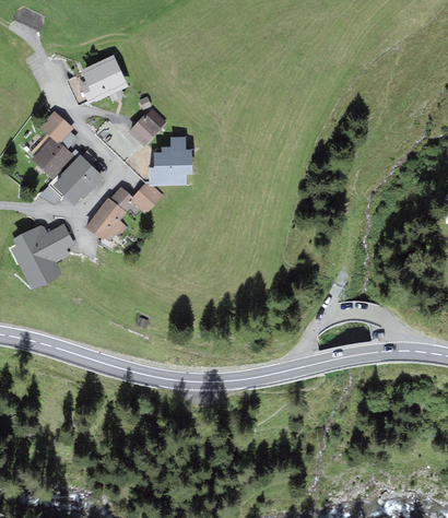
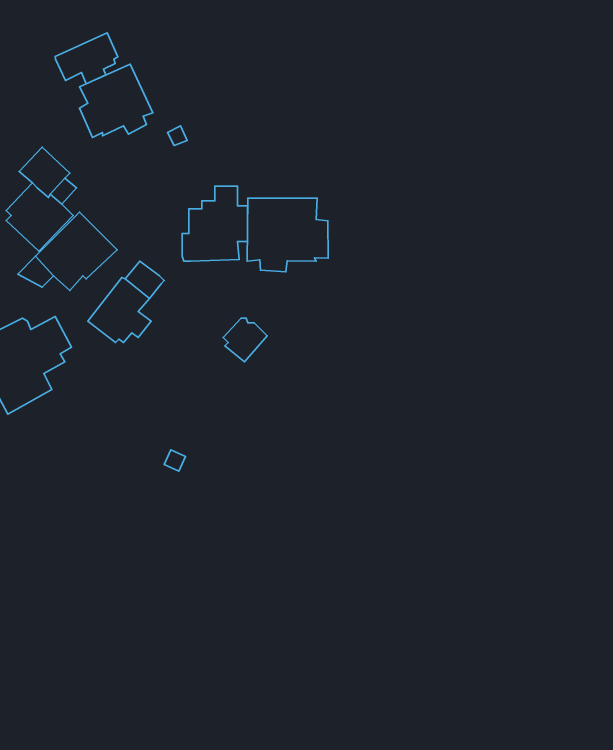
building: none -> [55,33,118,84]
building: [128,108,166,145] -> none
building: none -> [247,198,328,272]
building: [133,183,163,212] -> [223,318,267,362]

